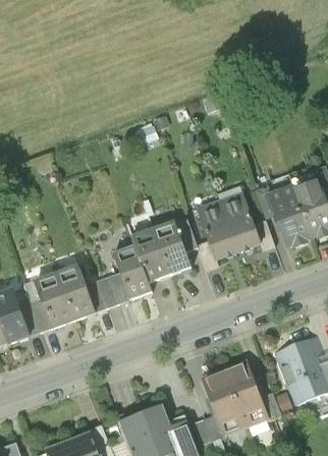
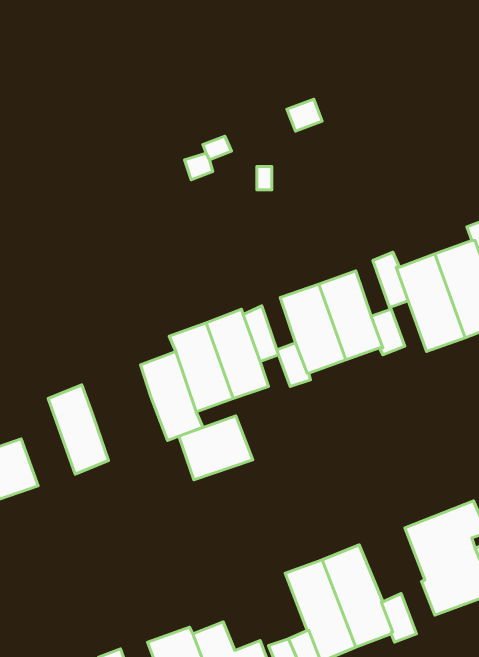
building: [86,272,130,310] -> [179,416,253,480]
building: [36,273,74,326] -> none

